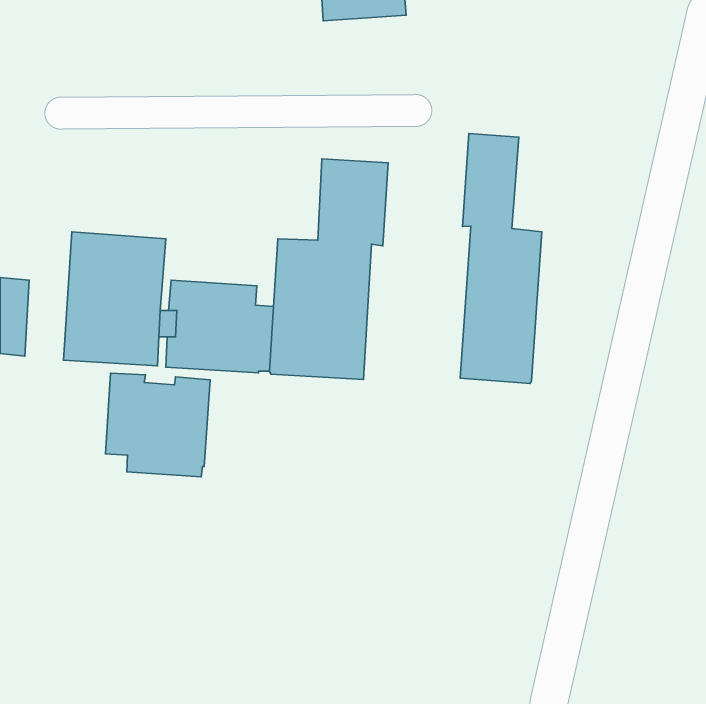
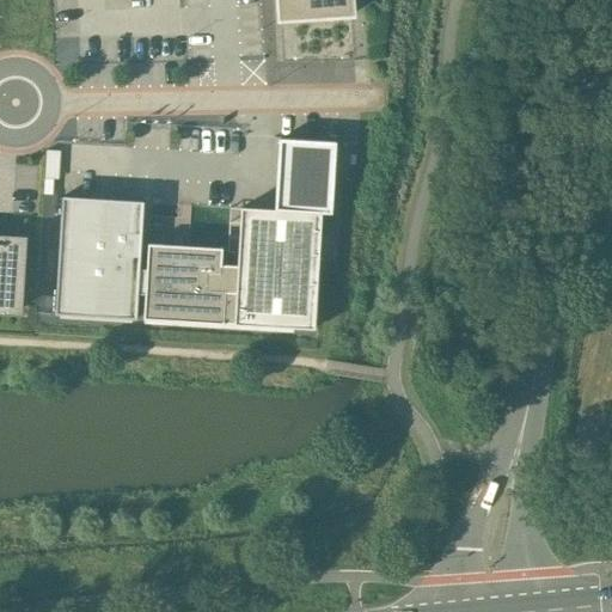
building: [460,133,542,384] -> none
building: [105,373,210,477] -> none

